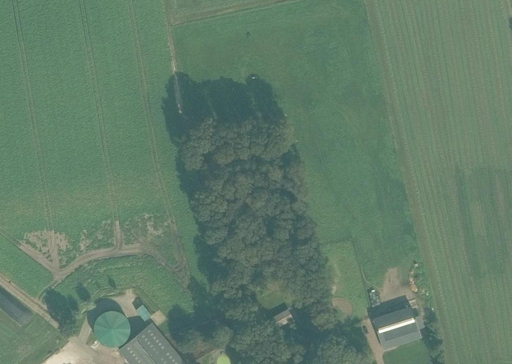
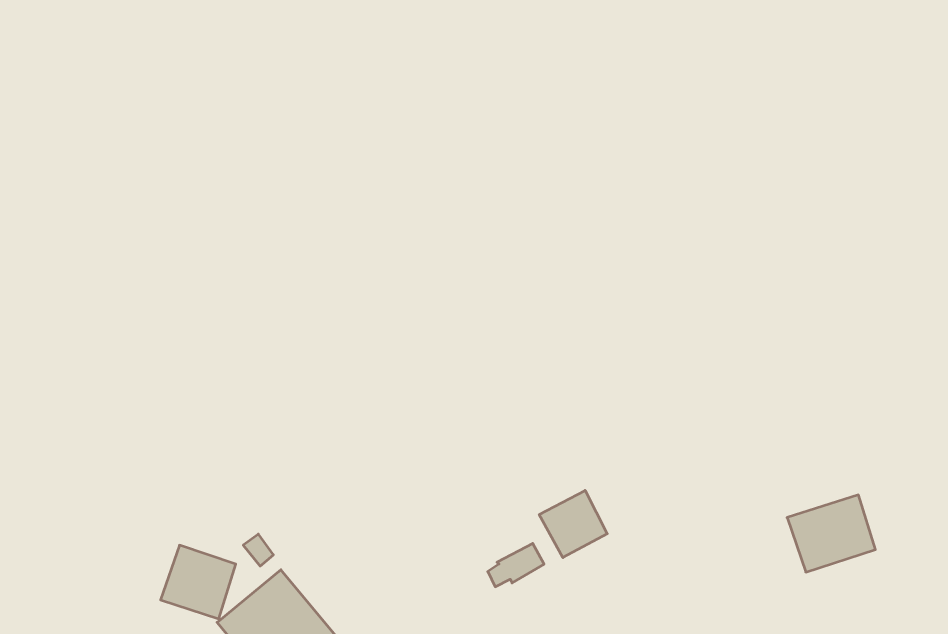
building: none -> [539,490,607,558]
building: [373,308,420,349] -> [787,495,875,572]

